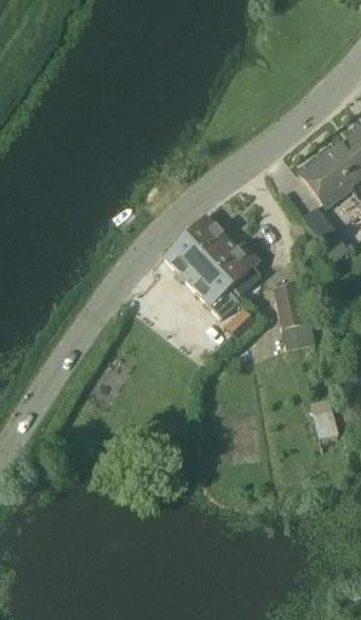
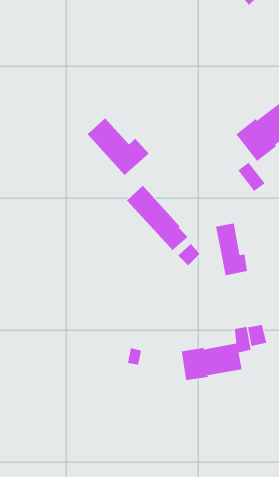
building: [183,214,262,287] -> [87,118,149,176]
building: none -> [181,326,251,381]

